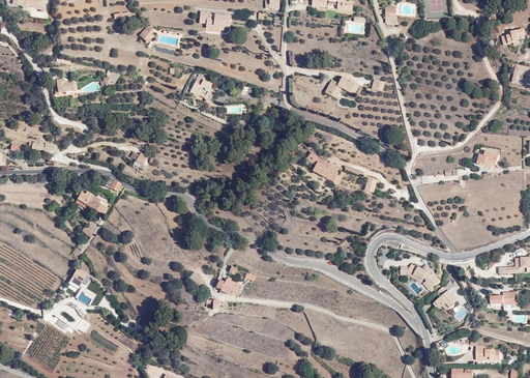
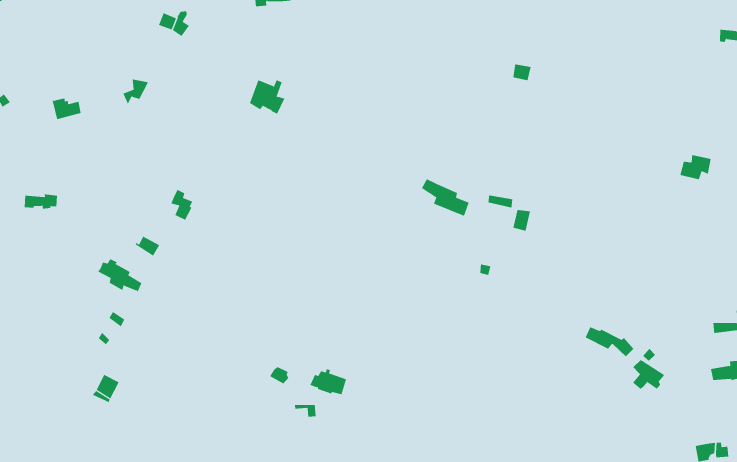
building: [324,76,358,98] -> none

